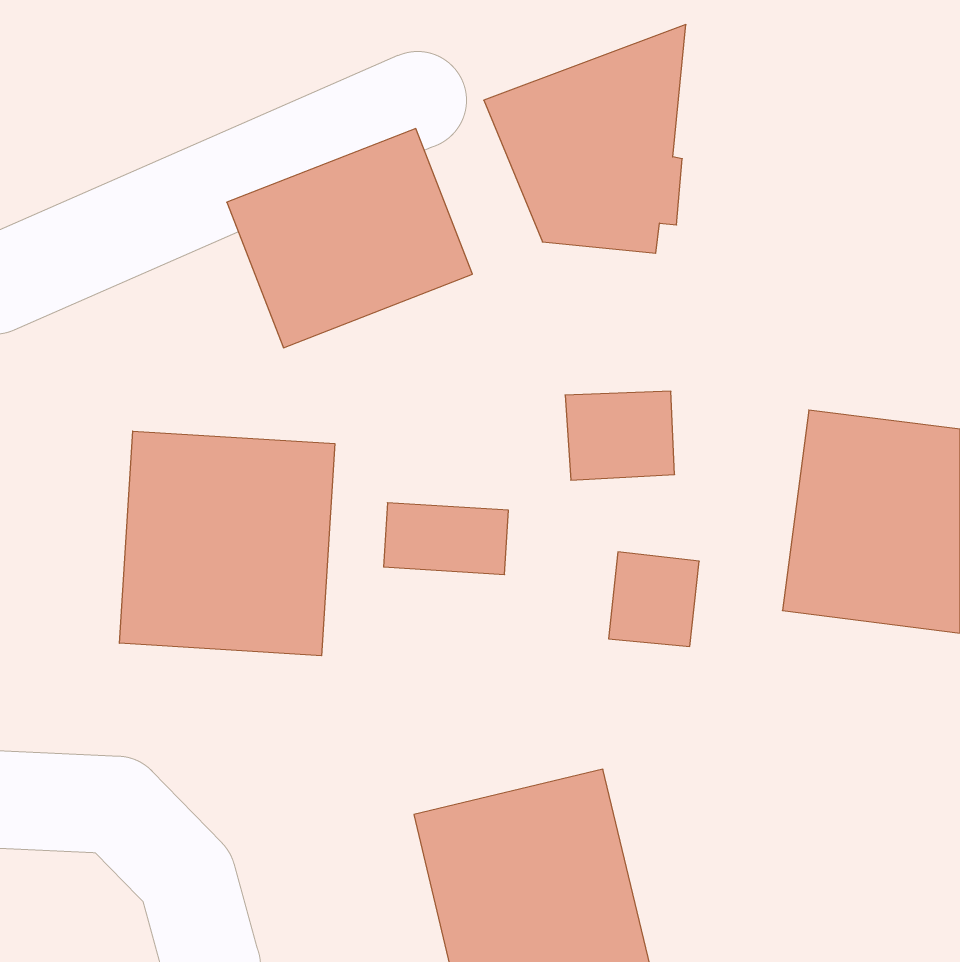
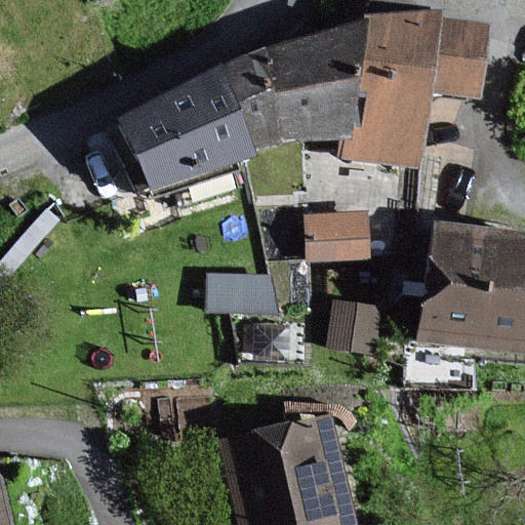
building: none -> [355,6,487,161]
building: none -> [226,56,294,151]
building: [119,431,335,656] -> none

